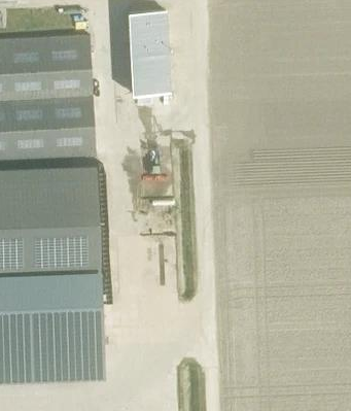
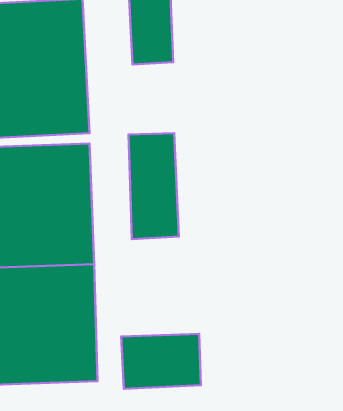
building: none -> [128,133,179,239]
building: none -> [121,334,201,389]

